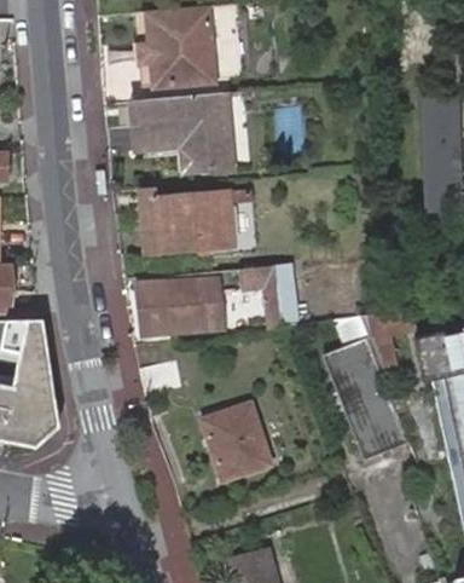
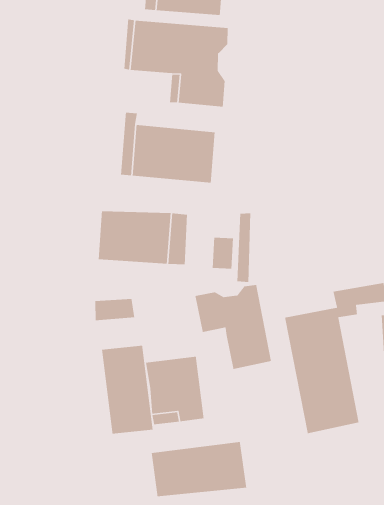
building: none -> [194,284,272,370]
building: none -> [101,345,153,434]
building: none -> [151,441,247,497]

